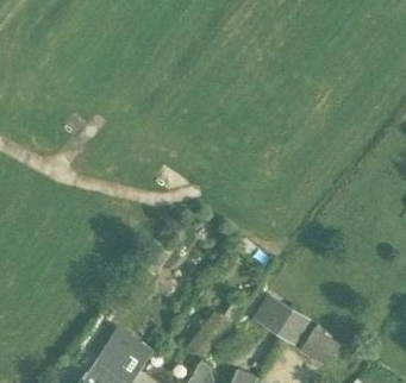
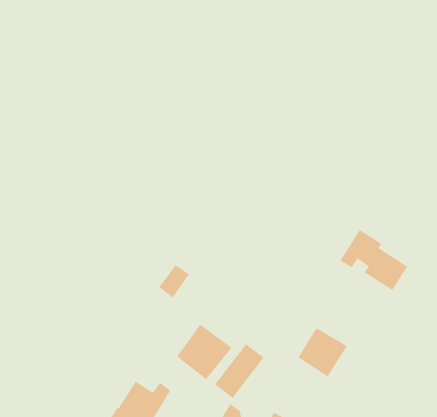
building: none -> [176,324,232,380]
building: [282,313,339,364] -> [339,229,408,291]

